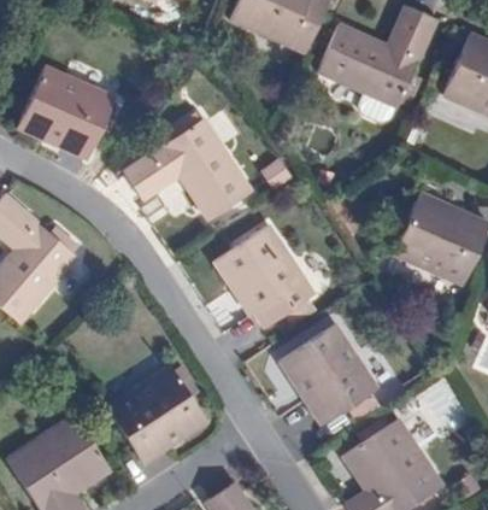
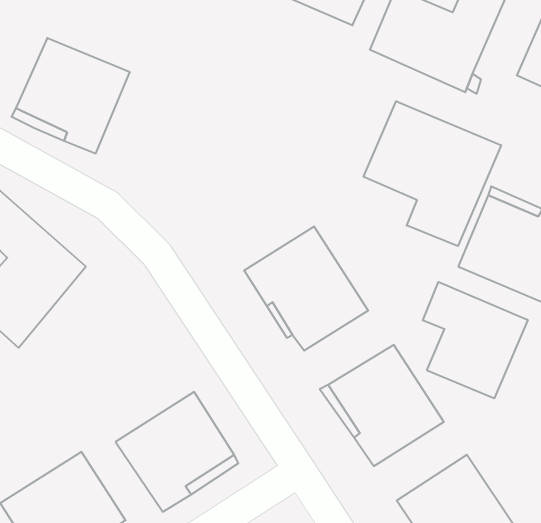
building: [125,117,254,222] -> none
building: none -> [364,101,501,246]
building: none -> [423,282,528,398]

